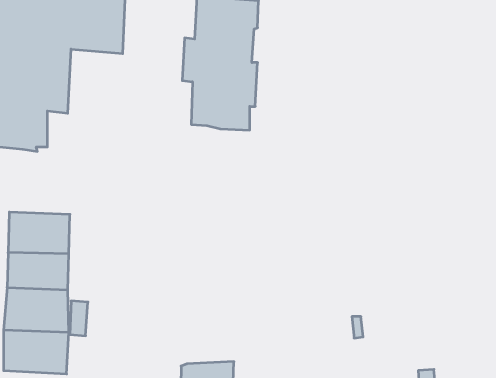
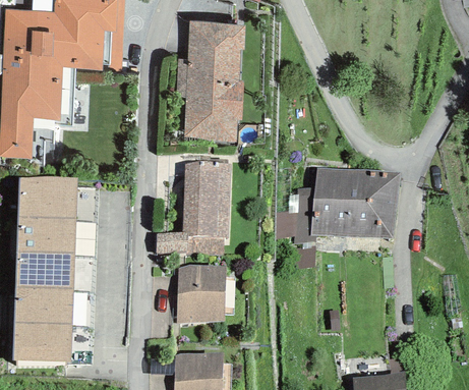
building: none -> [156,161,230,255]
building: none -> [276,167,400,269]
building: none -> [18,176,75,218]
building: none -> [176,265,224,323]

